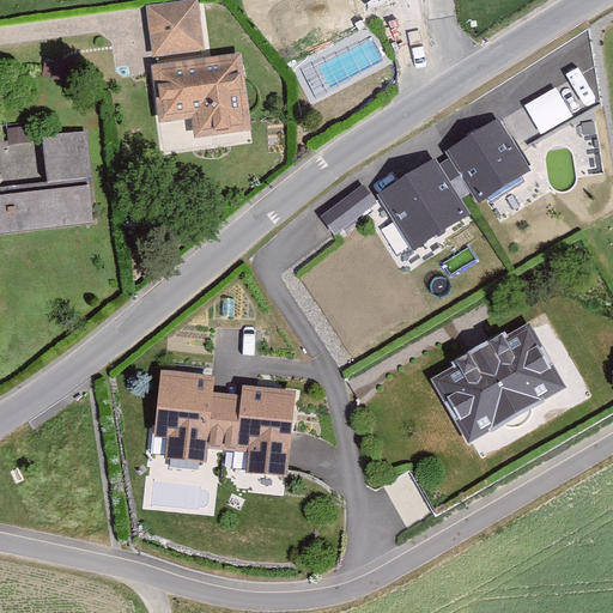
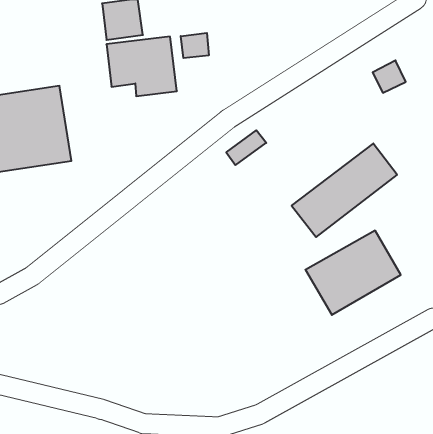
building: none -> [181,33,209,58]
building: [380,116,528,248] -> [292,143,397,237]
building: [153,374,296,479] -> none

